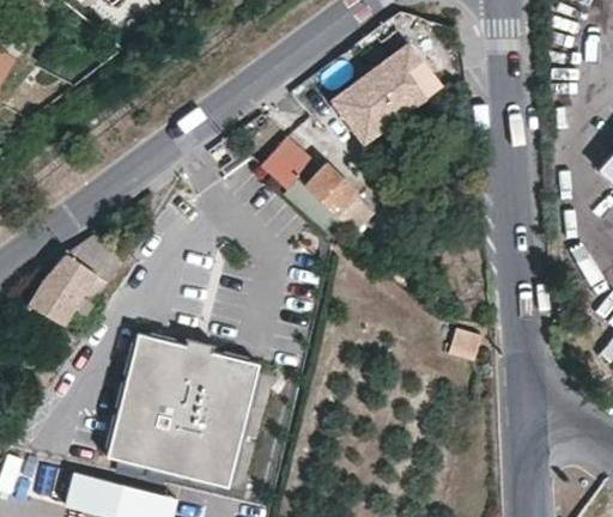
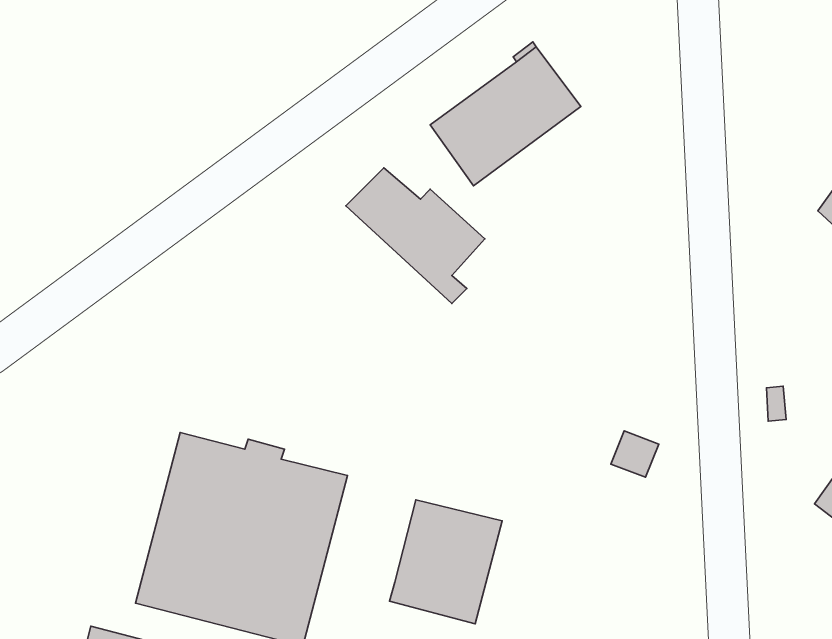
building: [31,233,128,326] -> none
building: none -> [390,500,502,624]

